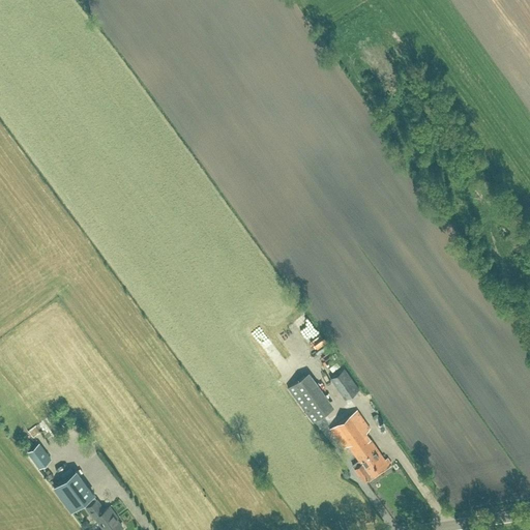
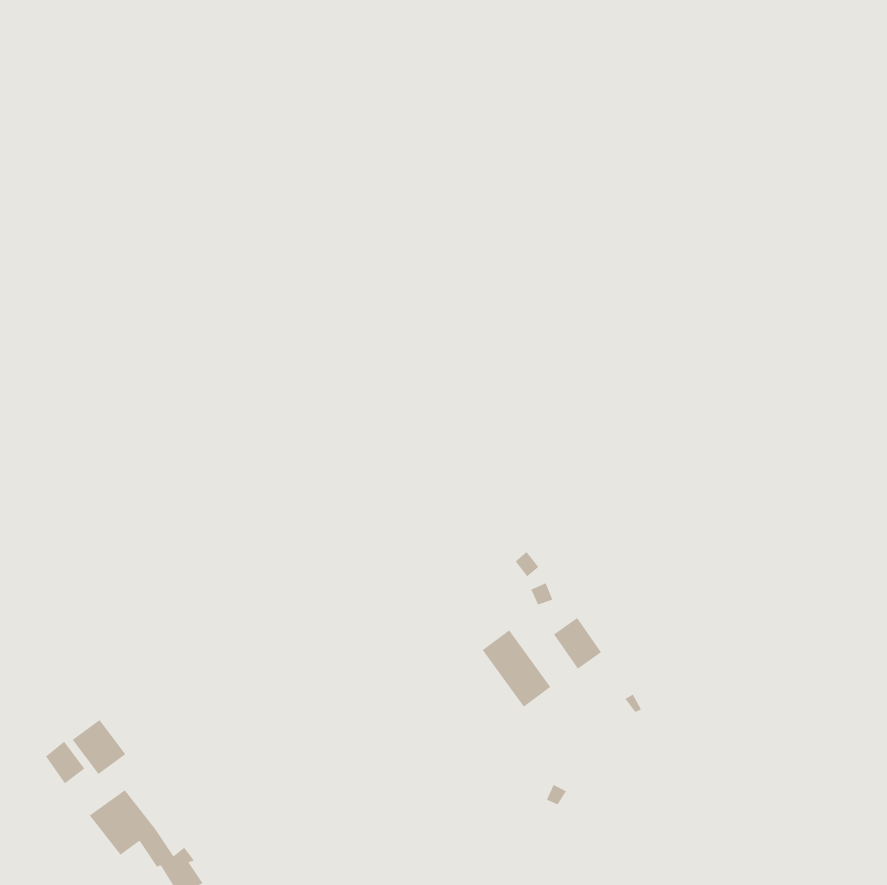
building: [330,411,391,482] -> none
building: none -> [72,719,126,775]

